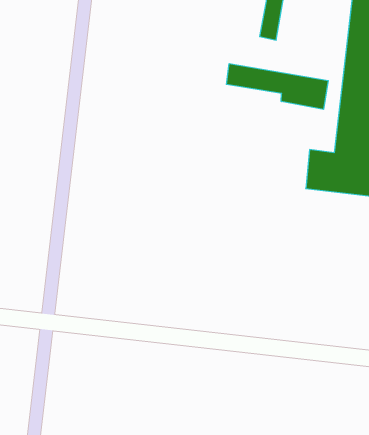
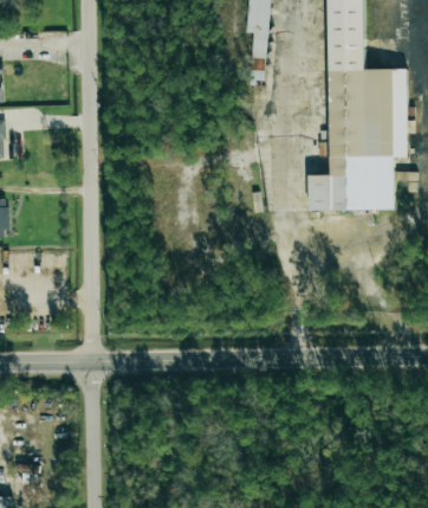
building: [226,64,328,109] -> none

